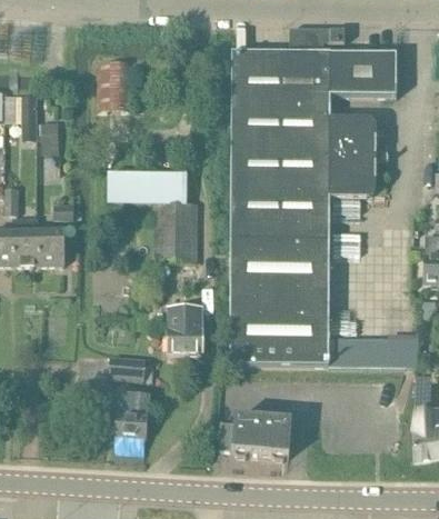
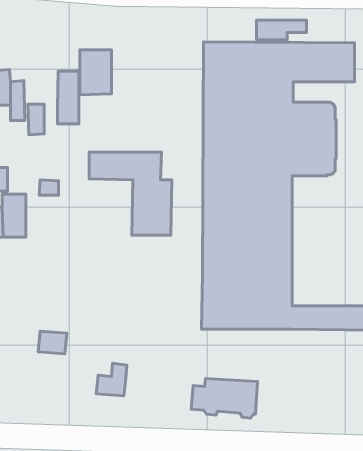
building: none -> [57,71,79,124]
building: [38,230,63,263] -> none
building: [167,306,201,351] -> none
building: [112,357,143,381] -> [38,331,67,354]

